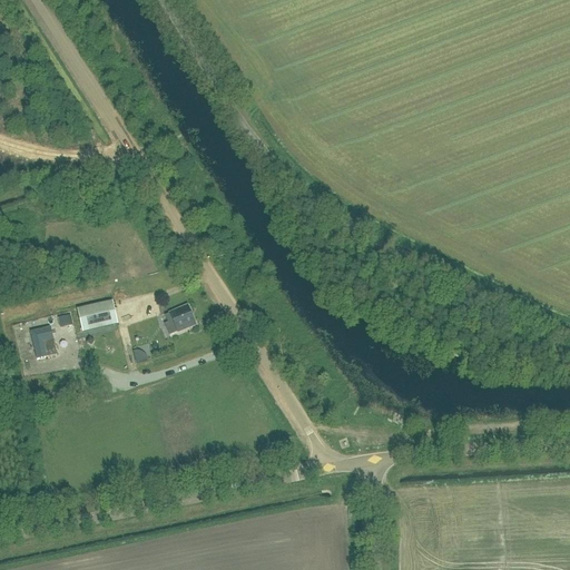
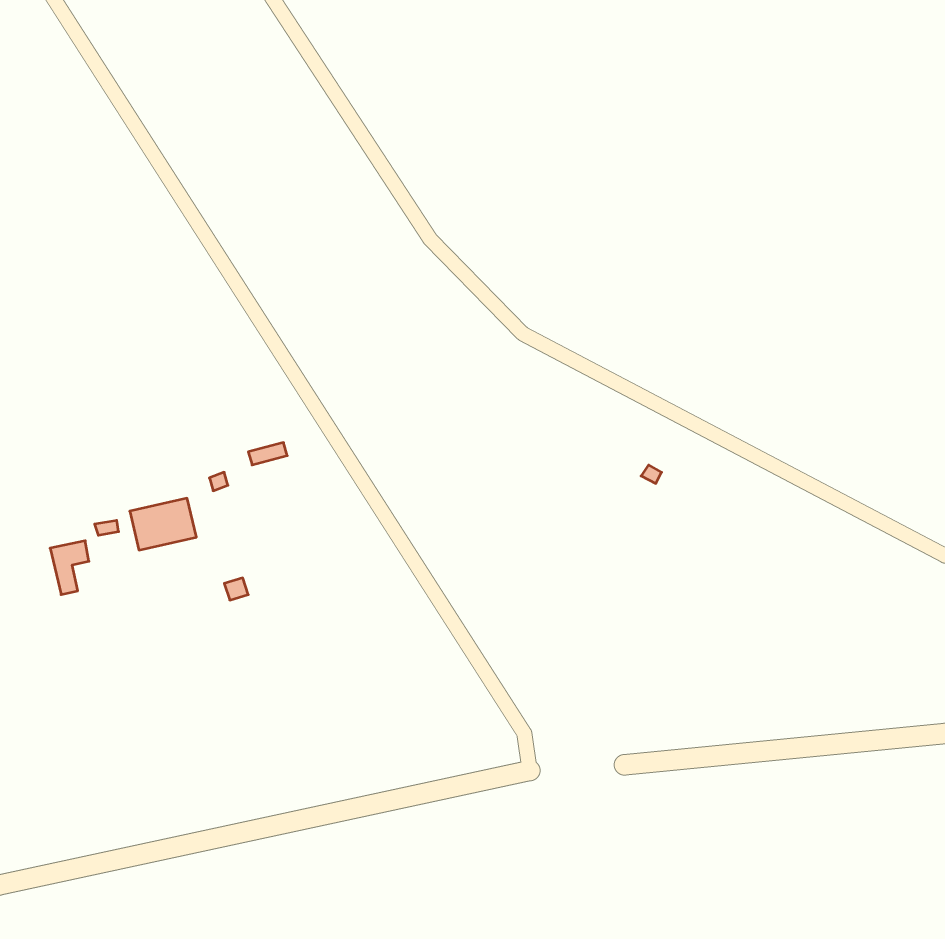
building: [163,304,194,333] -> none

